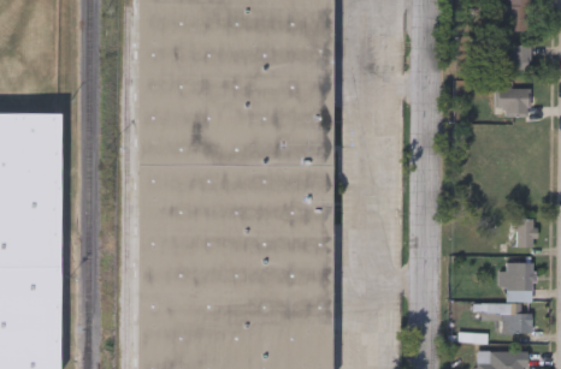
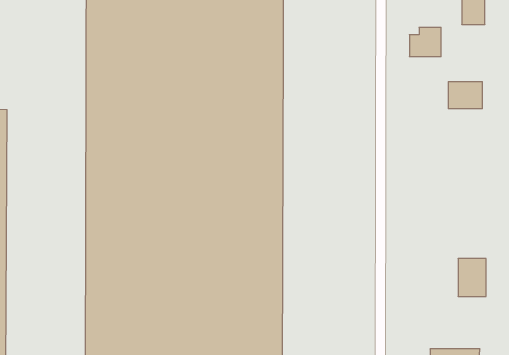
building: [498,42,530,71] -> [409,27,441,57]
building: [515,218,535,245] -> none
building: [482,303,531,331] -> none

